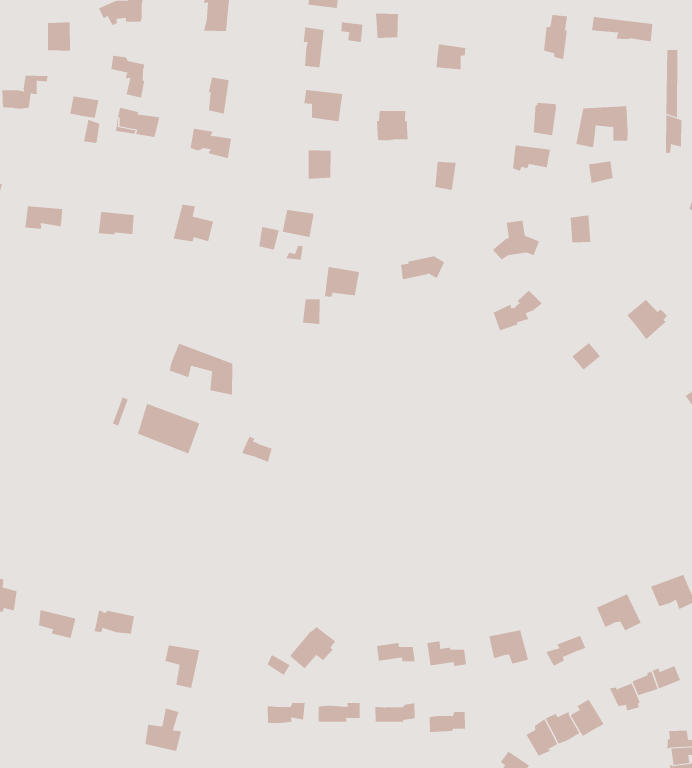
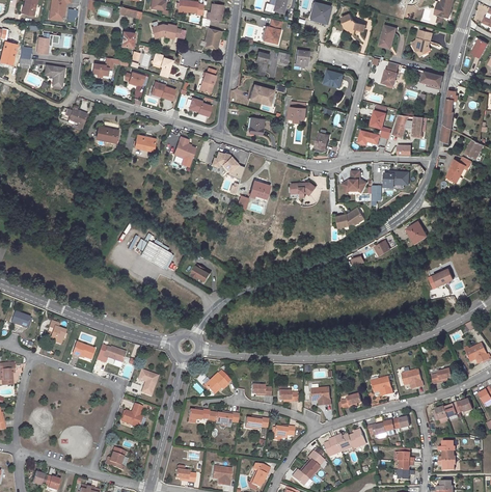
building: [169,343,233,395] -> none

